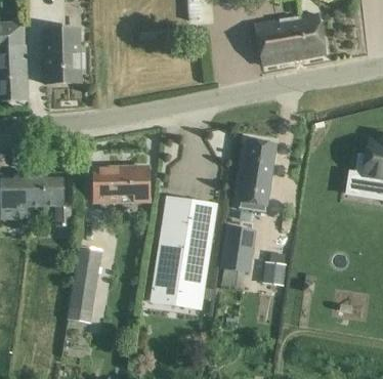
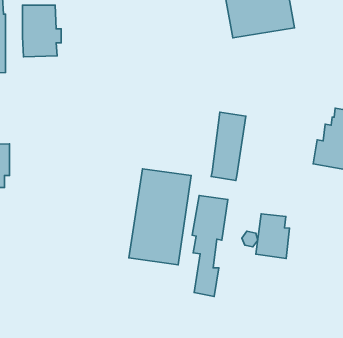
building: [92,167,147,207] -> none
building: [31,173,70,225] -> none
building: none -> [256,214,289,258]
building: [69,249,100,323] -> none

